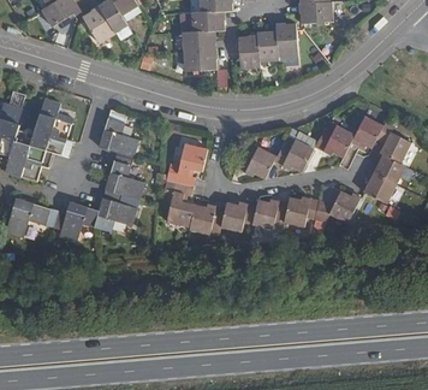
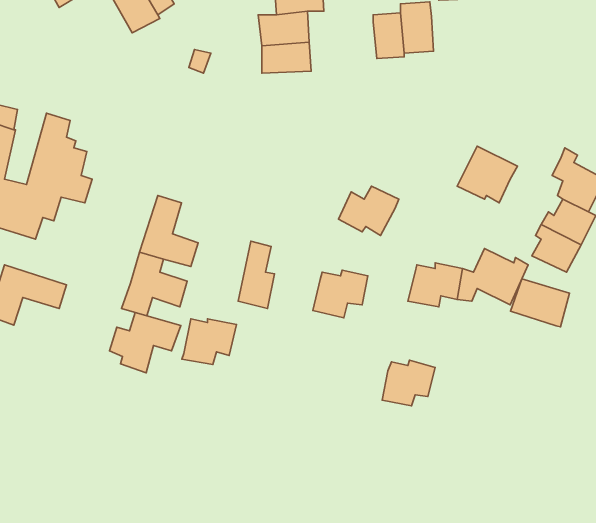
building: [239,36,261,69] -> none
building: [99,108,137,155] -> none
building: [349,114,382,148] -> none
building: [273,132,313,170] -> none
building: [178,142,207,184] -> none
building: [251,196,286,226] -> [382,360,435,406]
building: [52,200,99,240] -> [110,313,181,373]
building: [188,202,224,232] -> [182,319,237,365]
building: none -> [511,279,569,327]

